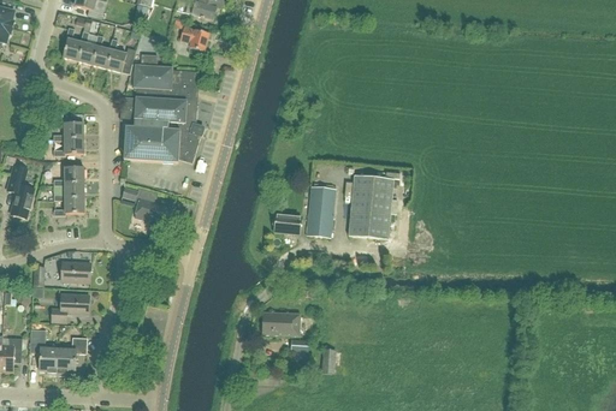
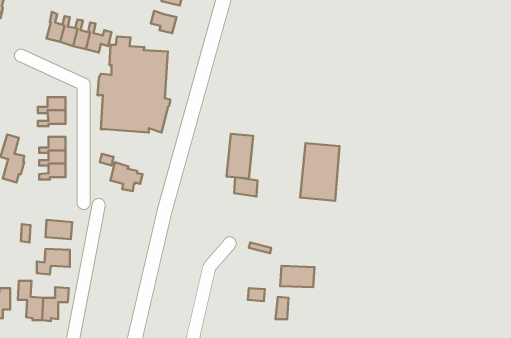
building: [304,186,334,237] -> [227,134,253,179]
building: [261,311,300,335] -> [280,266,314,287]

